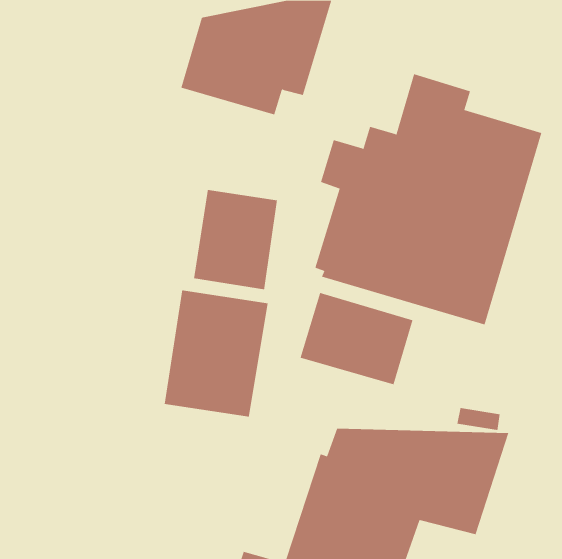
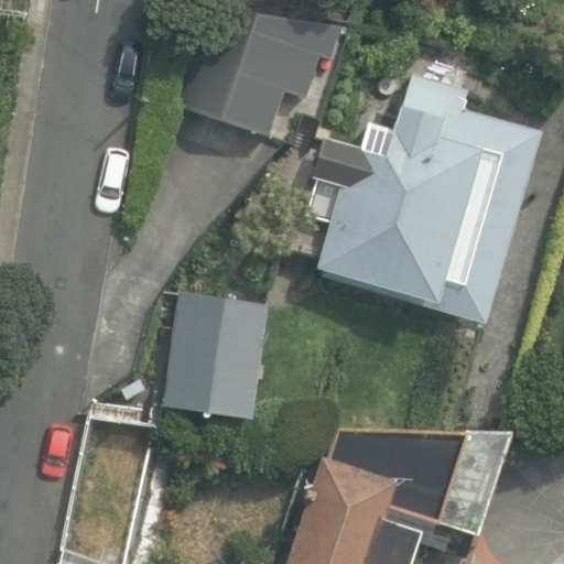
building: [193,189,278,290] -> none
building: [300,292,413,385] -> none

